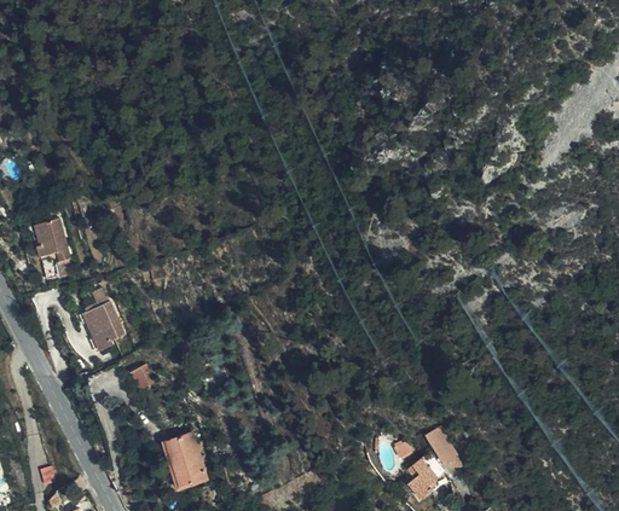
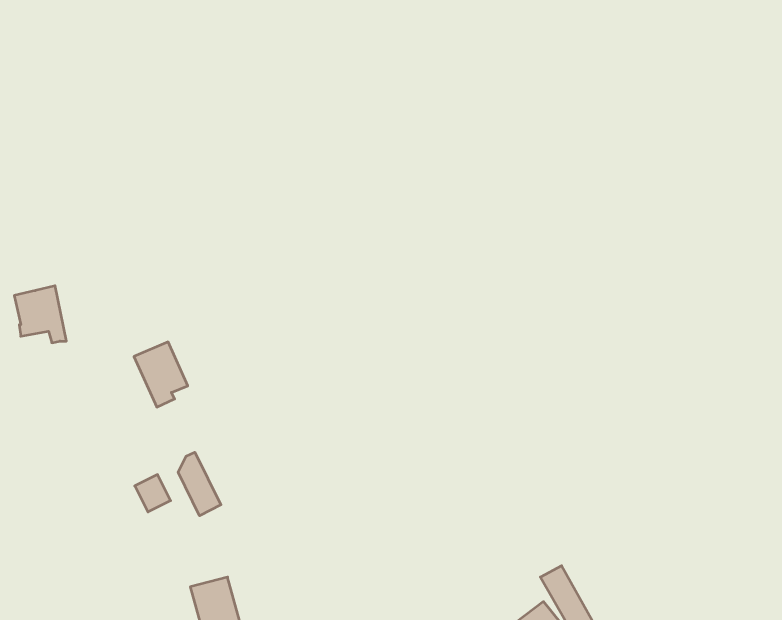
building: [77,297,117,345] -> [134,342,188,407]
building: none -> [178,452,221,516]

